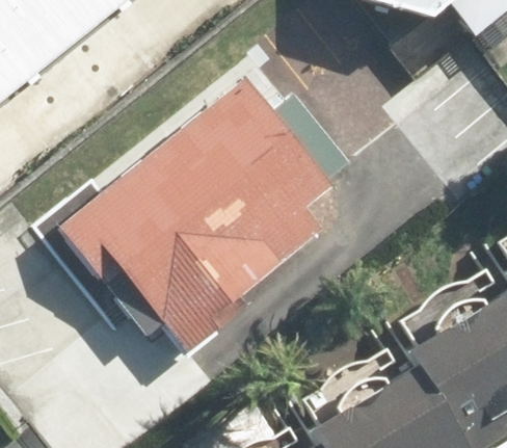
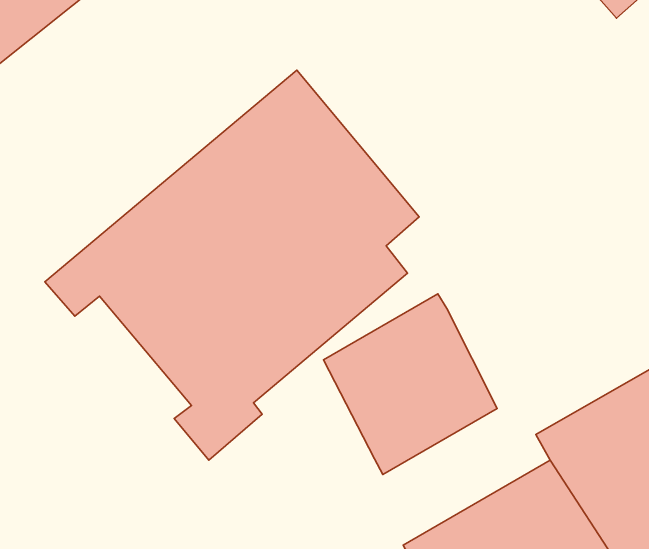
building: none -> [324,294,497,475]

